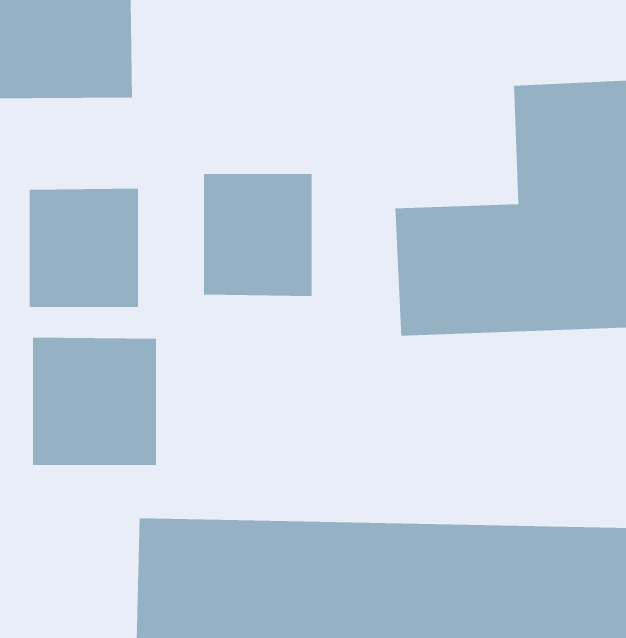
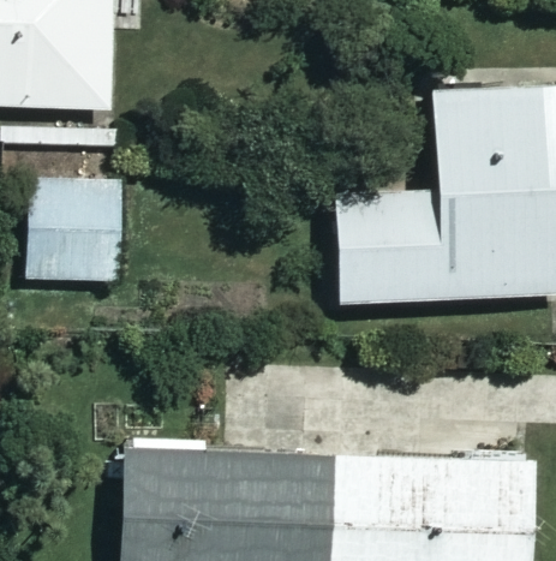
building: [203,173,313,297] -> none
building: [32,337,157,466] -> none

